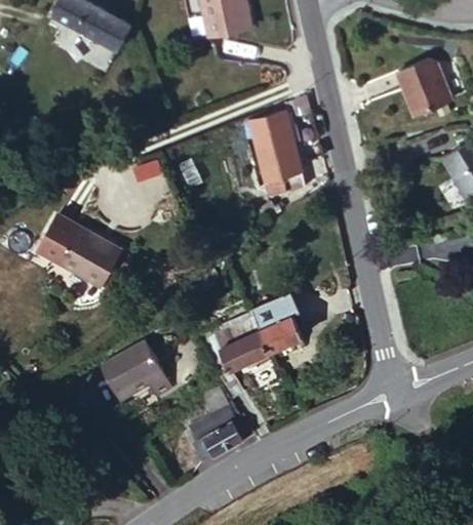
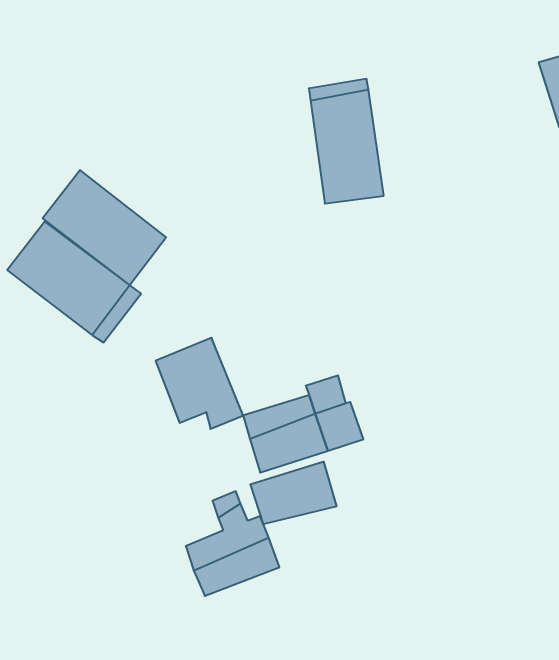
building: none -> [43,170,166,285]
building: [104,331,167,394] -> [156,338,243,429]
building: none -> [250,462,337,524]

